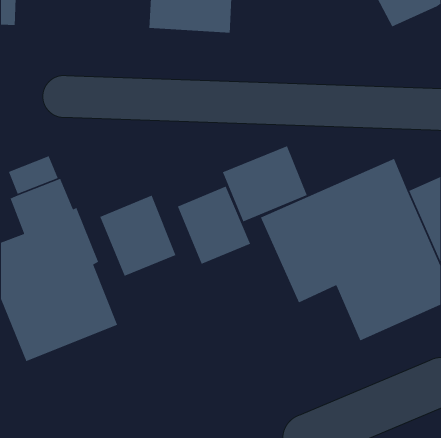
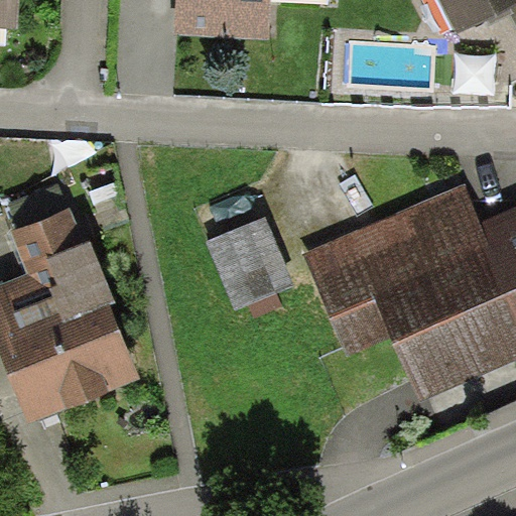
building: [222,145,308,222] -> none
building: [99,194,177,277] -> none

